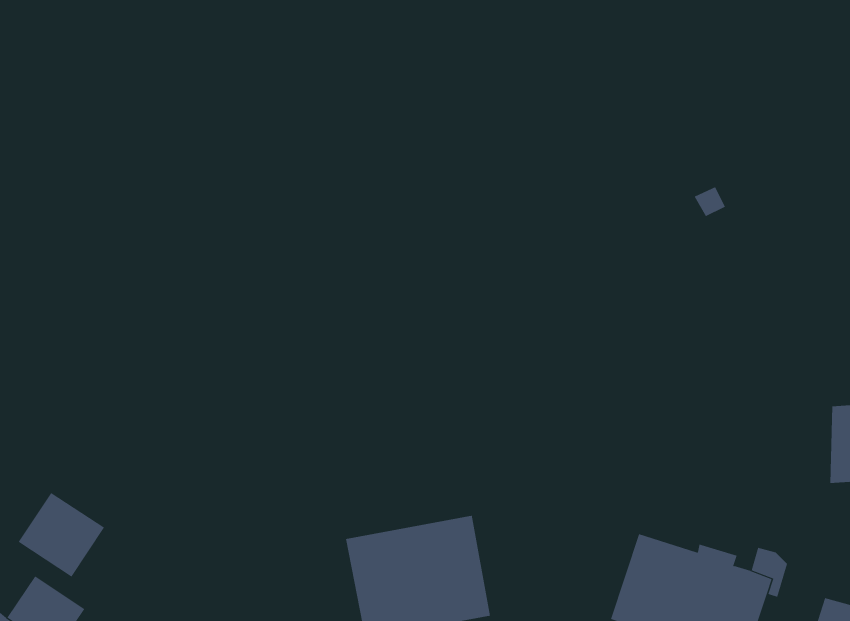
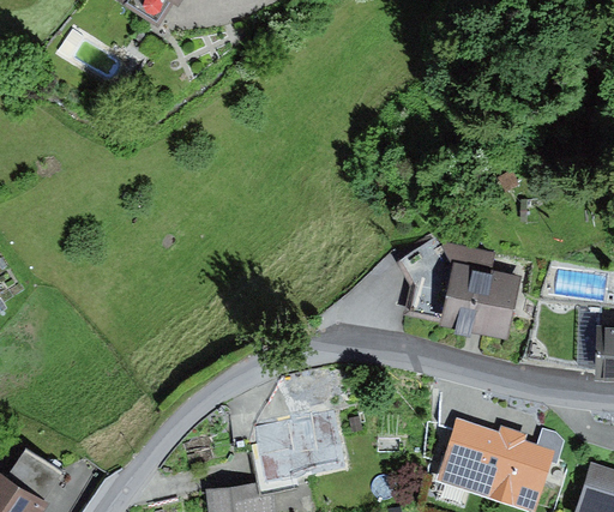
building: none -> [397,237,523,339]
building: [18,492,105,577] -> none

